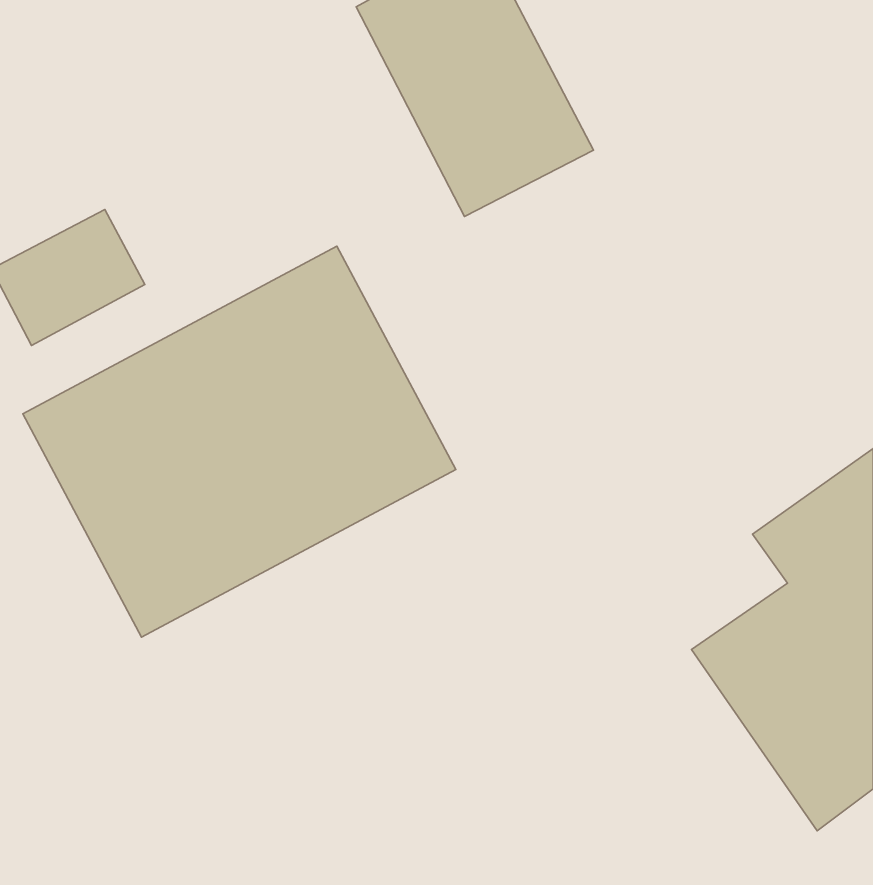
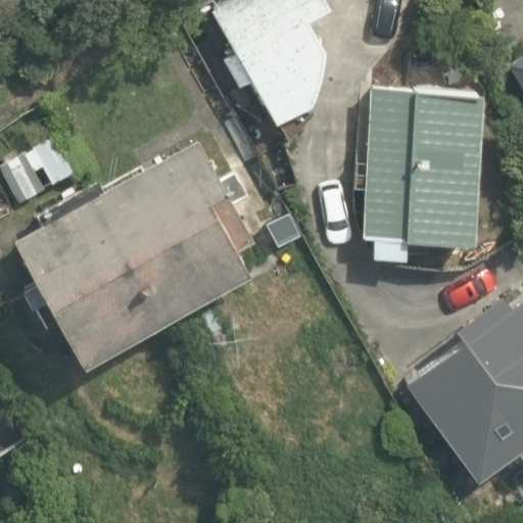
building: none -> [354,89,500,260]

